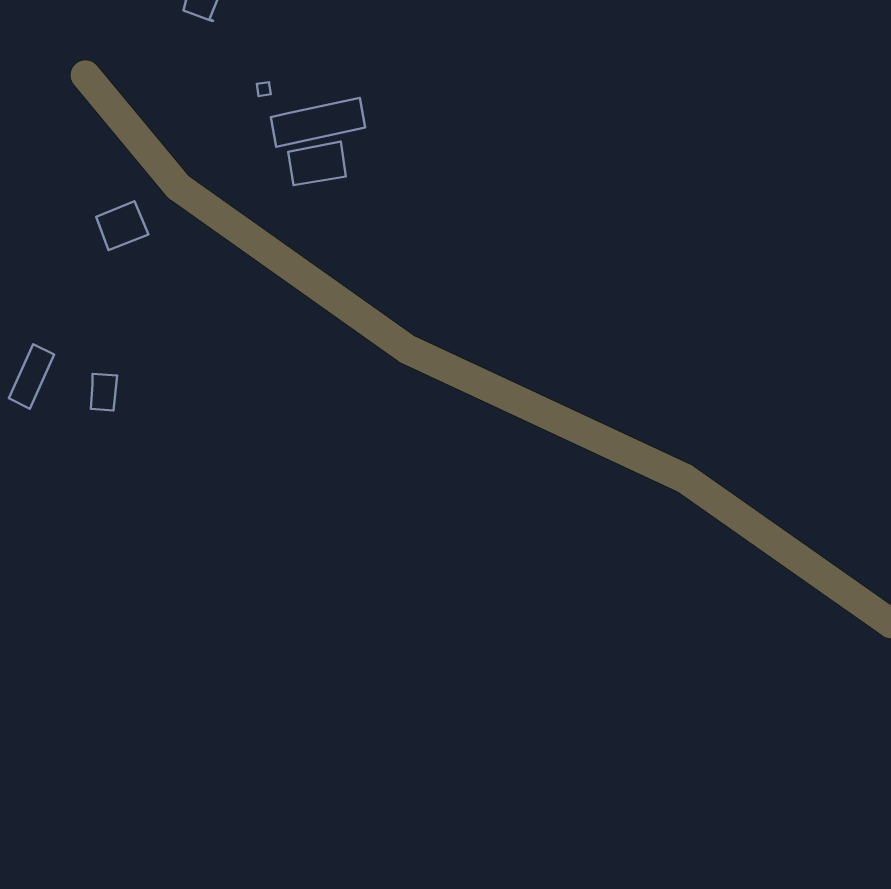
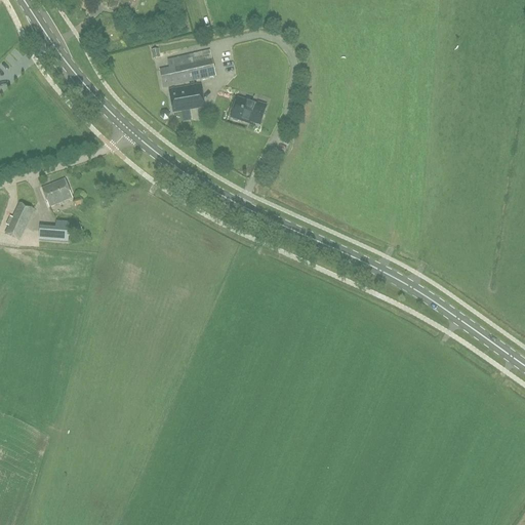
building: none -> [231,97,265,123]
building: [96,201,149,250] -> [41,177,72,206]

